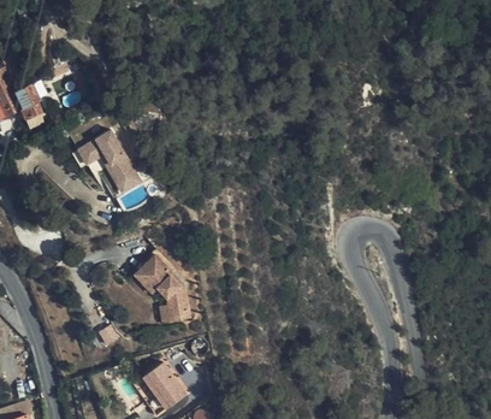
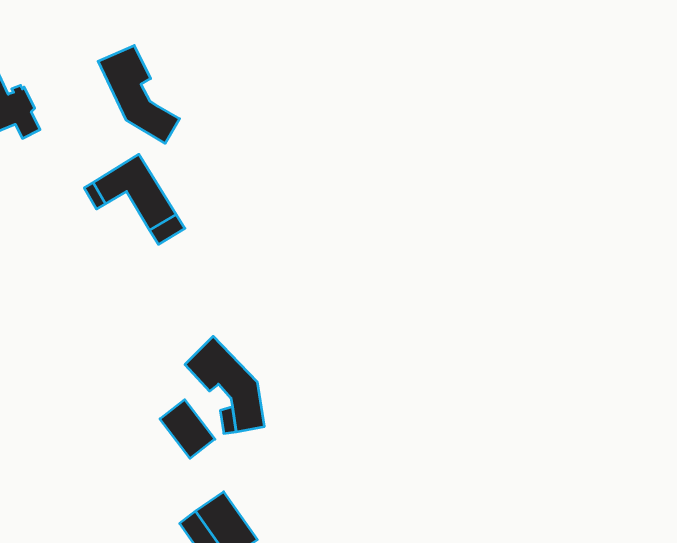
building: none -> [98,45,180,143]
building: none -> [160,400,215,458]

